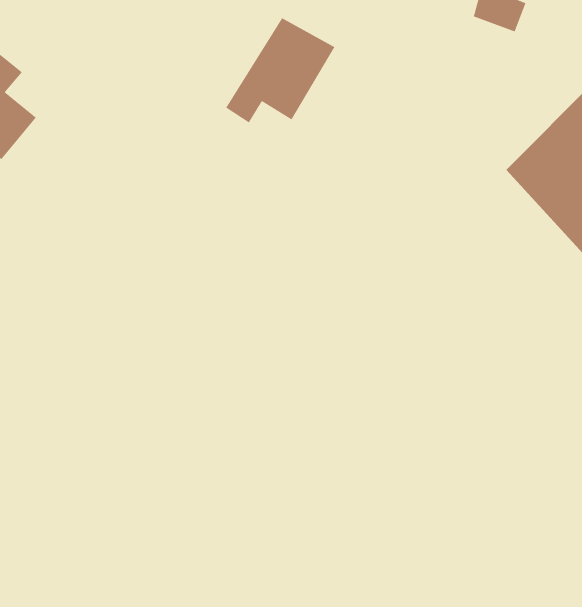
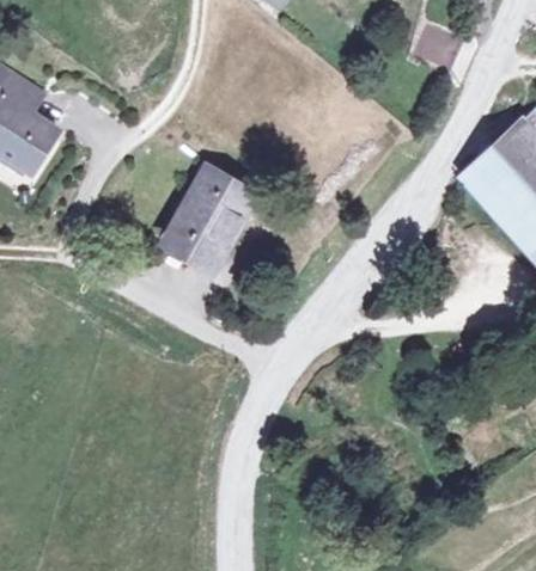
building: [225,17,336,123] -> [159,159,252,248]

